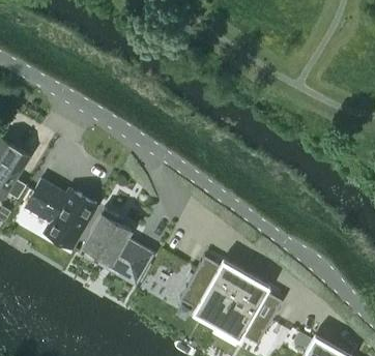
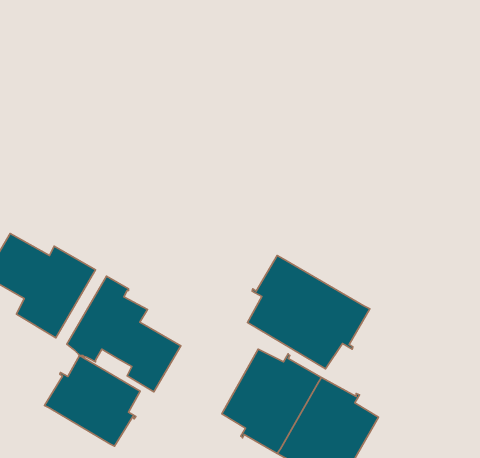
building: none -> [248,256,370,369]
building: none -> [44,355,140,446]

